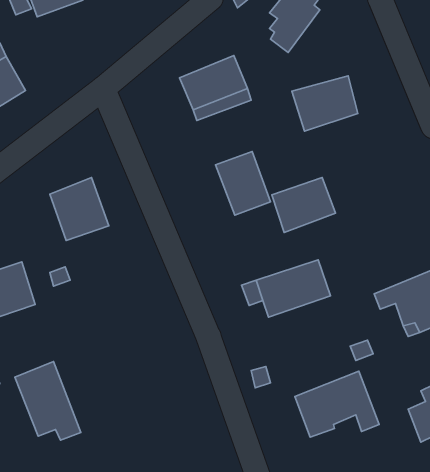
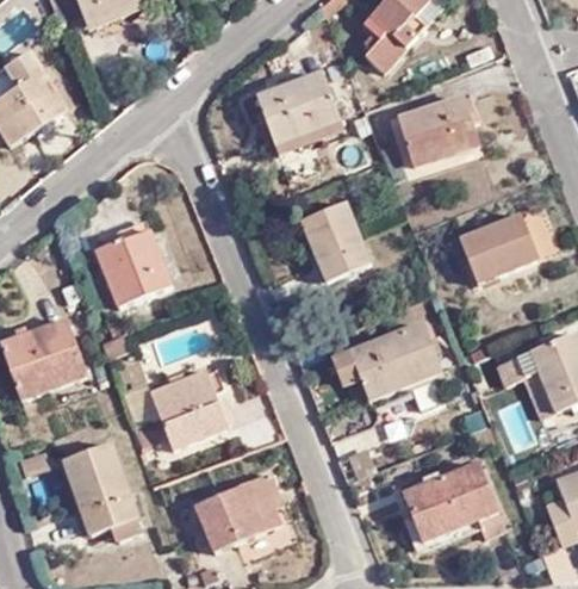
building: [272,177,336,233] -> [460,213,539,281]
building: none -> [150,368,228,447]
building: none -> [199,472,285,553]

